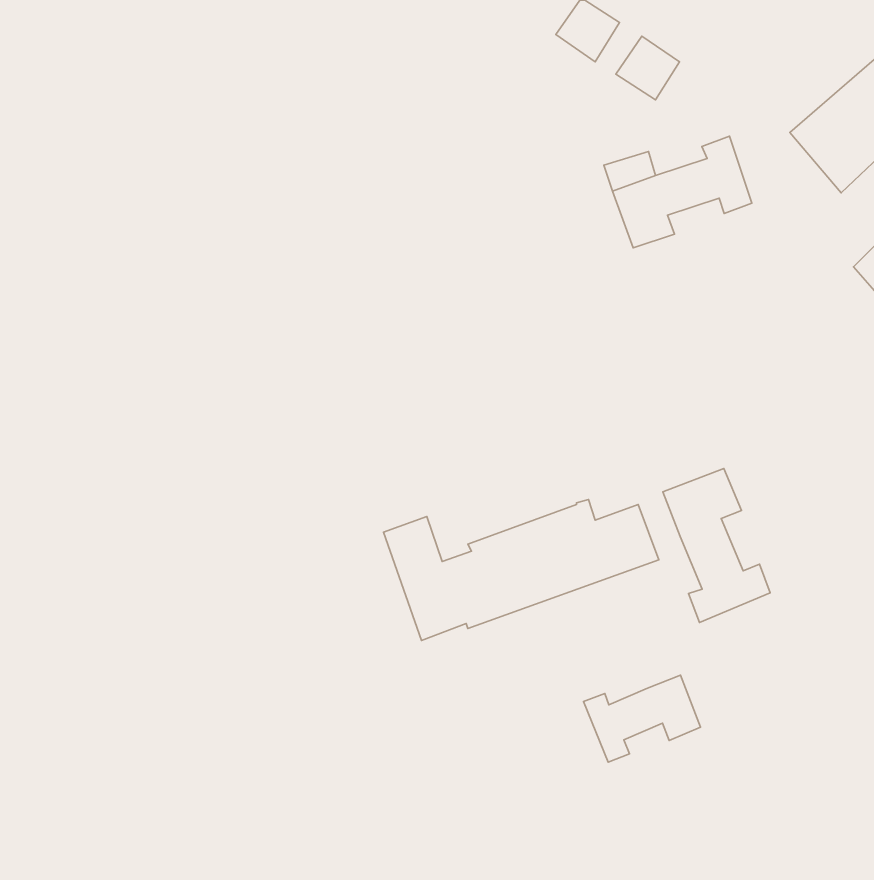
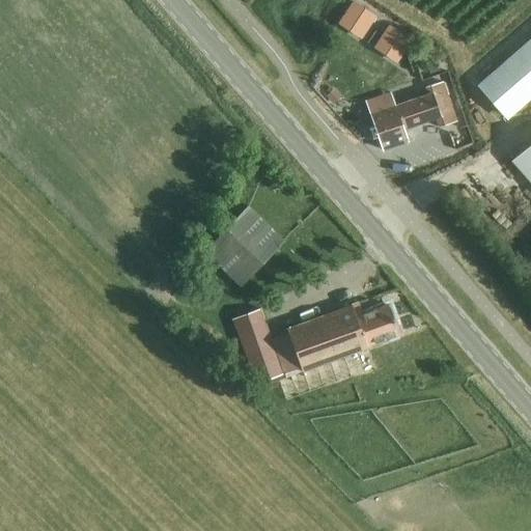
building: none -> [204,204,285,284]
building: [663,468,770,622] -> none
building: [584,675,700,762] -> none

